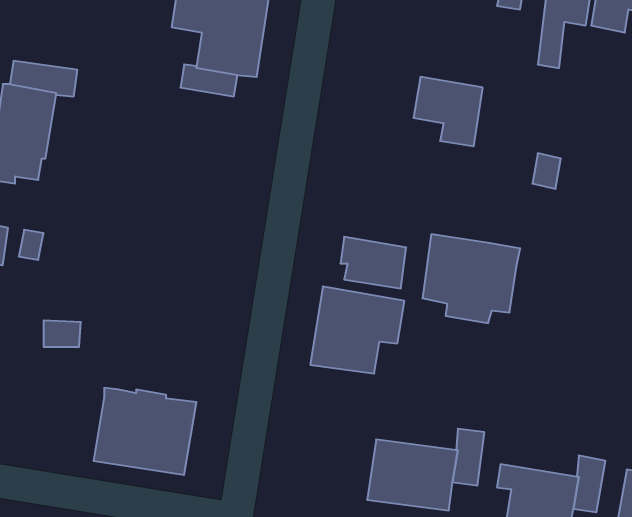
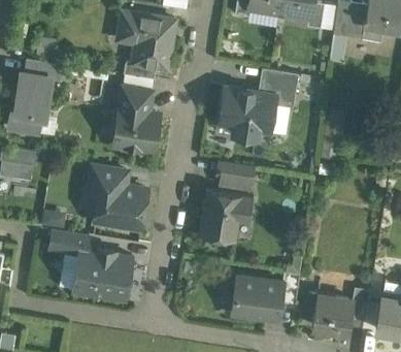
building: none -> [112,87,160,153]
building: [422,234,520,323] -> [219,87,275,138]
building: none -> [88,167,146,229]
building: none -> [48,229,89,254]

